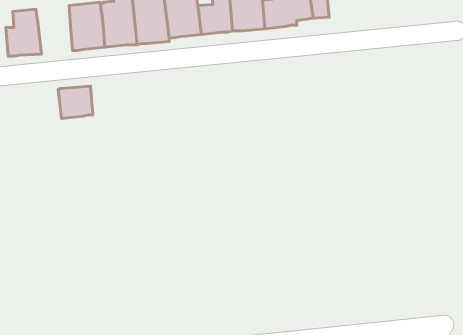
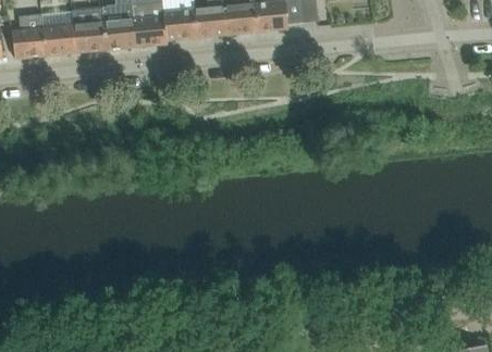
building: [58,86,93,118] -> [42,25,75,55]

